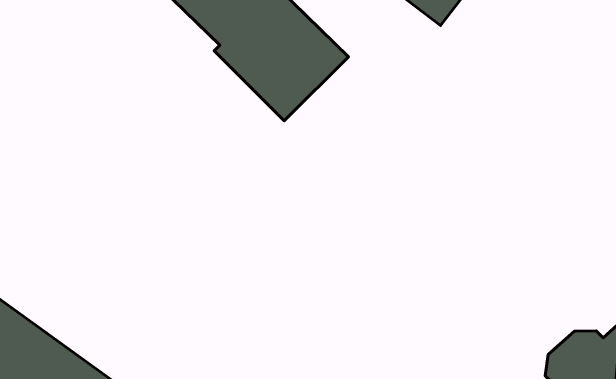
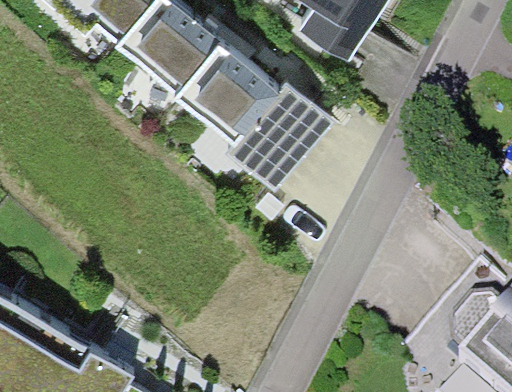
building: none -> [227,79,334,190]

